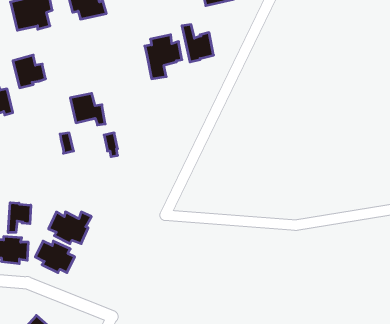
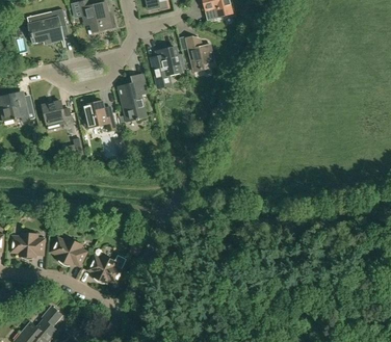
building: [13,55,46,88] -> [42,100,72,130]
building: none -> [118,75,147,121]
building: [8,203,31,233] -> none
building: [49,212,91,244] -> [86,255,126,284]

